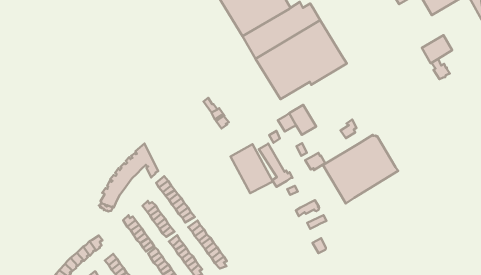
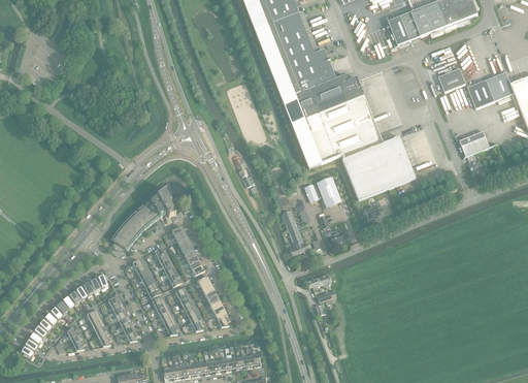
building: [323,135,398,203] -> [341,135,416,199]
building: [231,144,273,193] -> none

